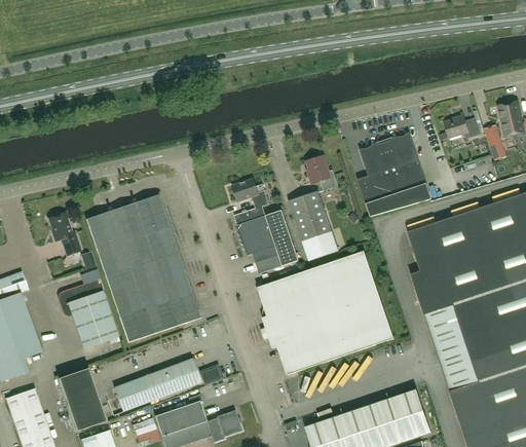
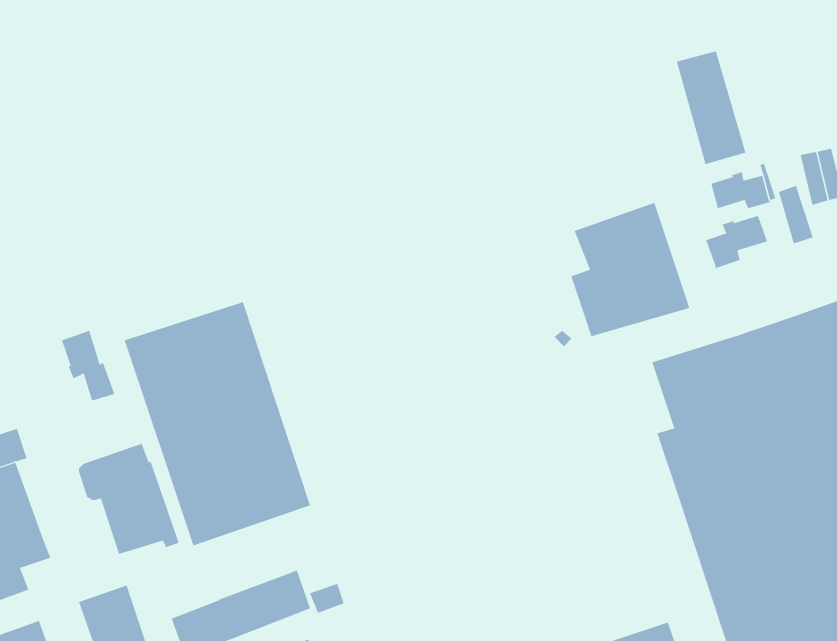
building: none -> [676,50,746,165]
building: none -> [706,215,768,269]
building: [307,155,338,190] -> none
building: [232,179,299,273] -> none
building: [290,191,338,260] -> none
building: [258,252,393,375] -> none

